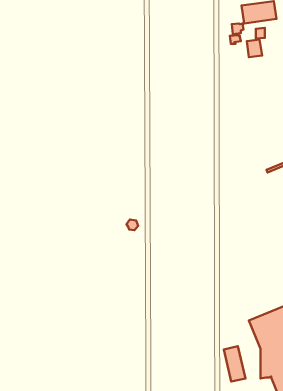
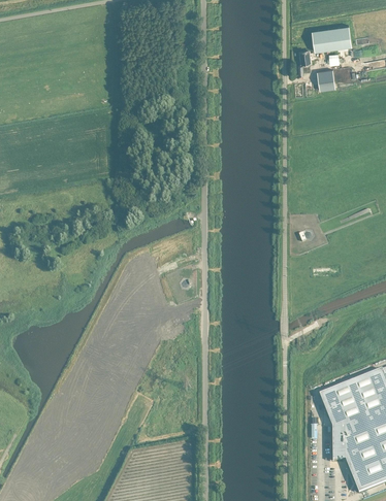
building: [224,346,245,382] -> none

